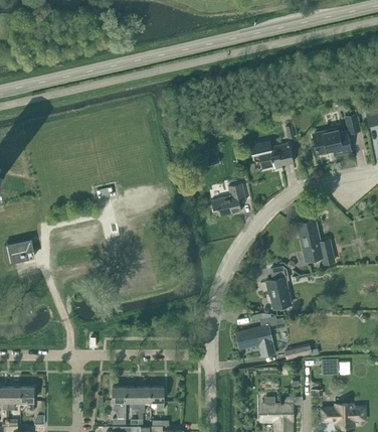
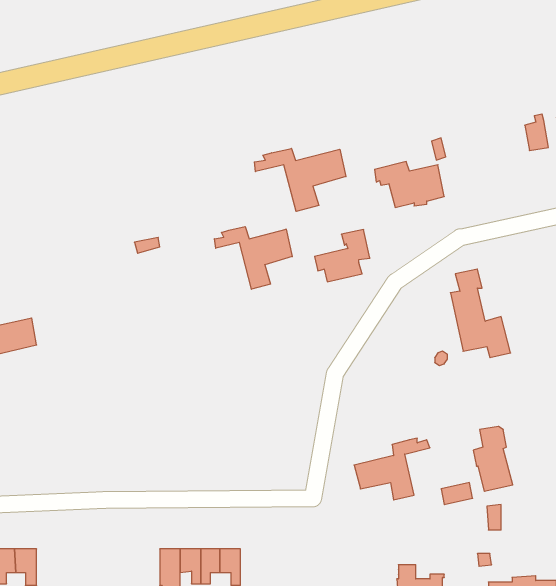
building: [313,129,350,155] -> none
building: none -> [254,148,346,211]
building: none -> [214,227,292,289]
building: [266,267,292,308] -> [473,426,513,491]

